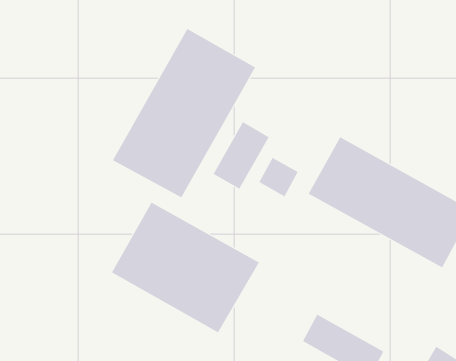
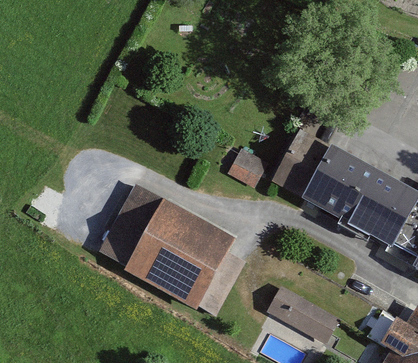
building: [112,28,256,198] -> none
building: [213,121,269,190] -> none

